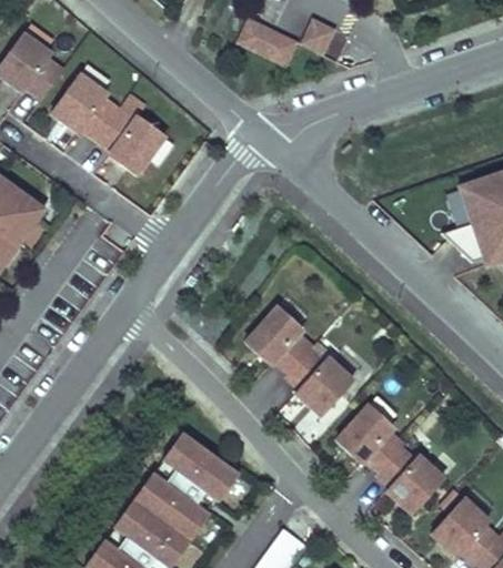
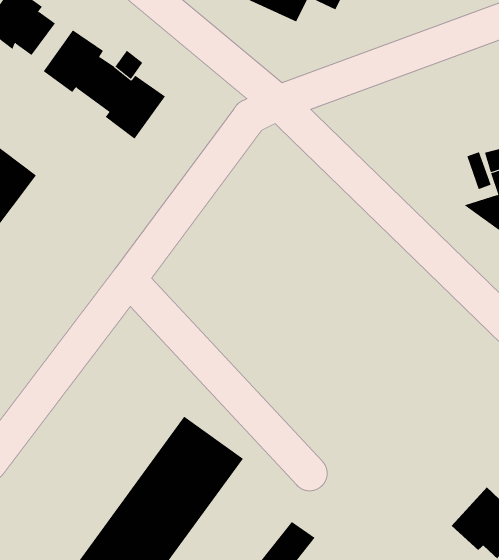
building: [247,305,353,416] -> none
building: [338,403,444,514] -> none

